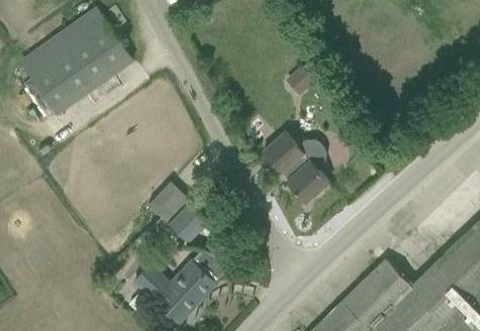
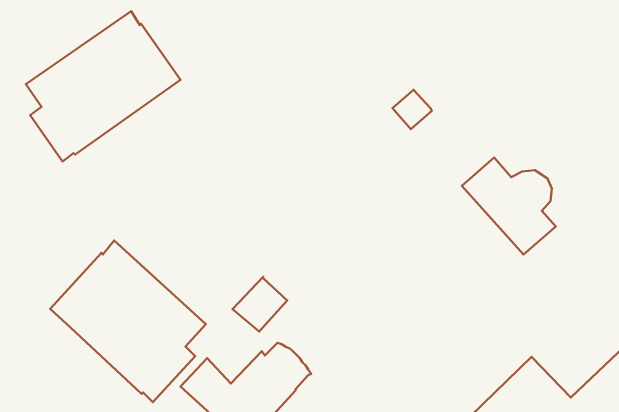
building: [262,132,329,202] -> [462,158,556,255]
building: none -> [50,240,206,402]
building: [150,180,188,218] -> none

